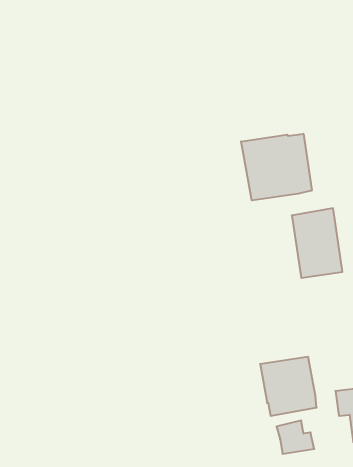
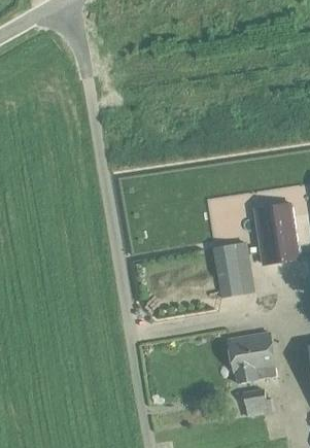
building: [241,134,312,200] -> none
building: none -> [213,244,242,296]

